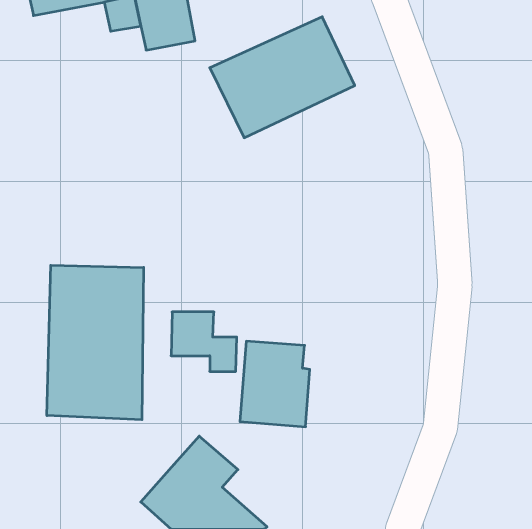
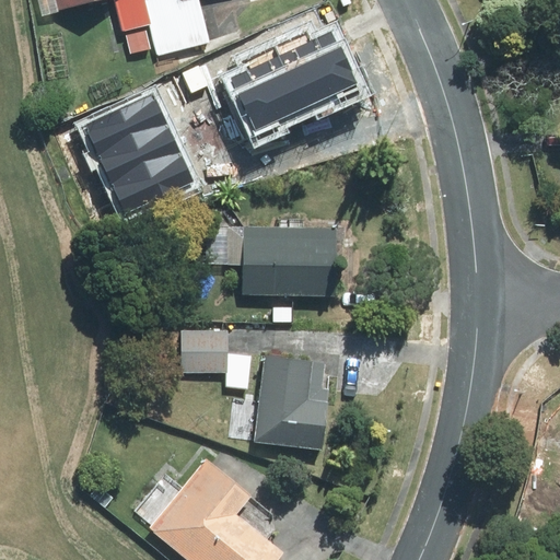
building: none -> [85,90,196,213]
building: none -> [207,222,336,298]
building: [47,265,144,420] -> none

